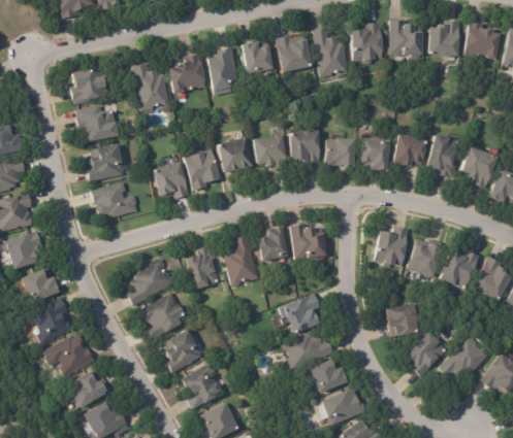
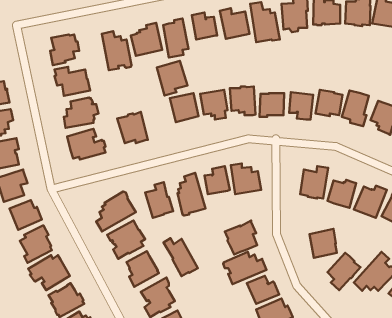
building: [184,148,221,191] -> [157,61,187,96]
building: none -> [164,238,198,276]

